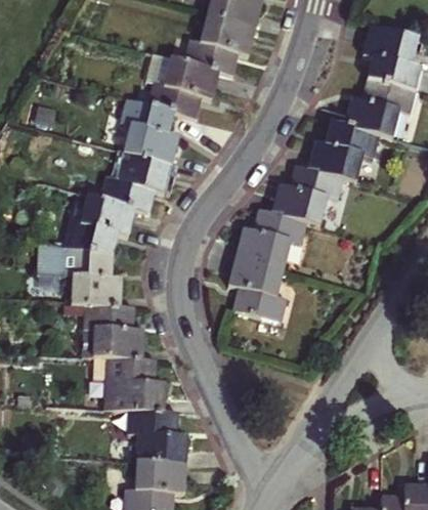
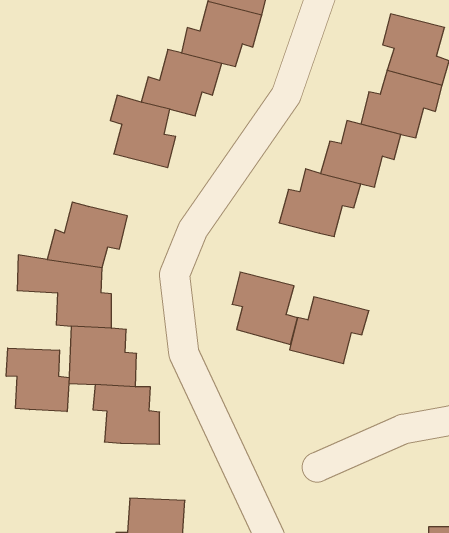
building: [100,152,171,211] -> none
building: [236,210,306,269] -> [290,297,369,364]
building: none -> [6,348,69,412]
building: [128,410,187,461] -> none

